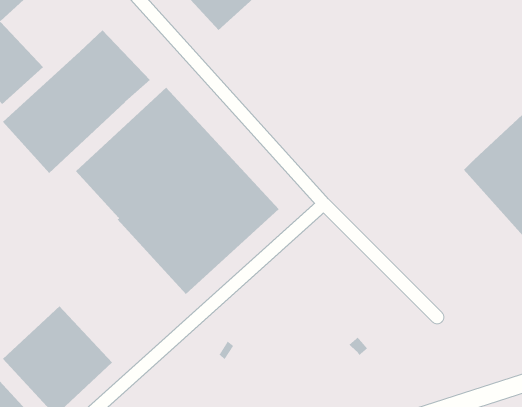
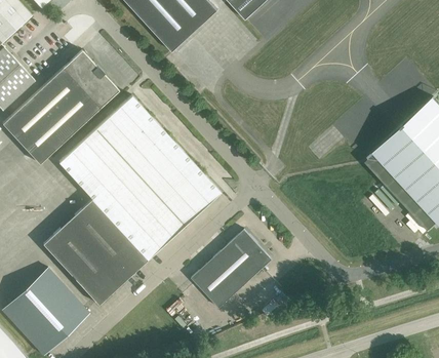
building: none -> [43,200,147,305]
building: none -> [191,229,269,308]

